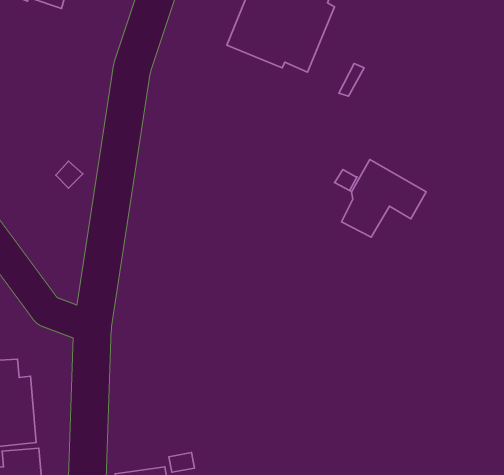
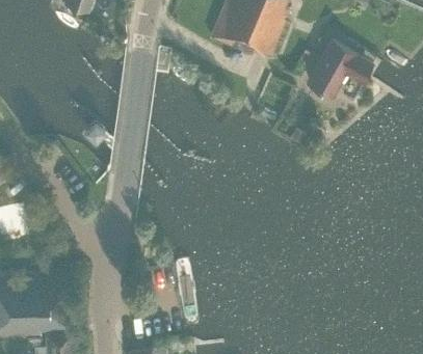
building: [341,159,426,237] -> [310,39,372,97]

